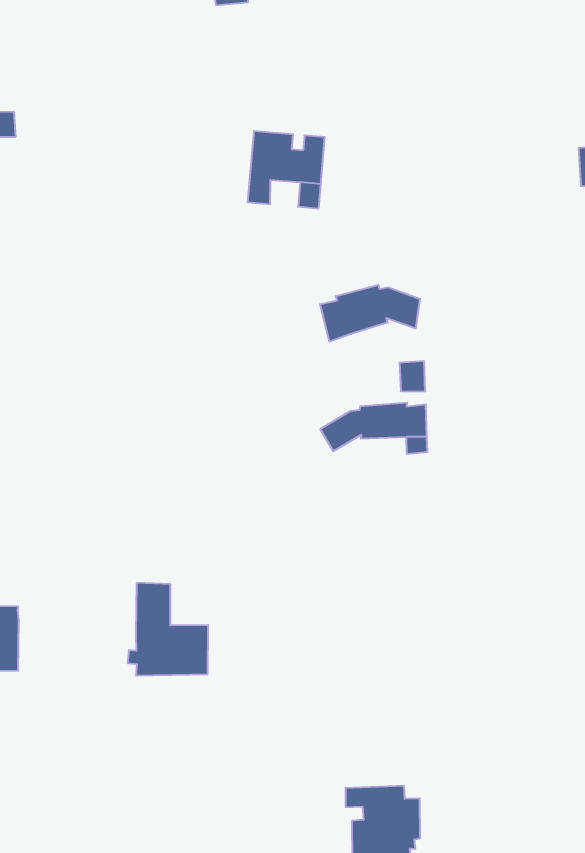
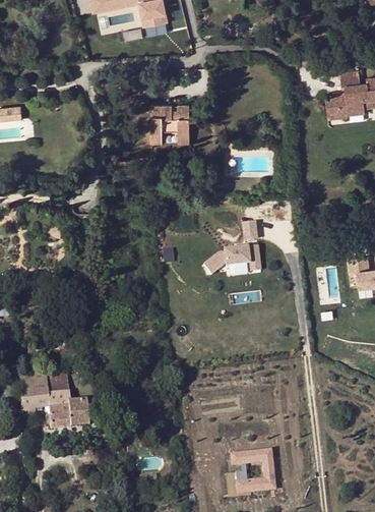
building: [320,285,420,342] -> none
building: [128,583,208,675] -> [46,379,89,430]

